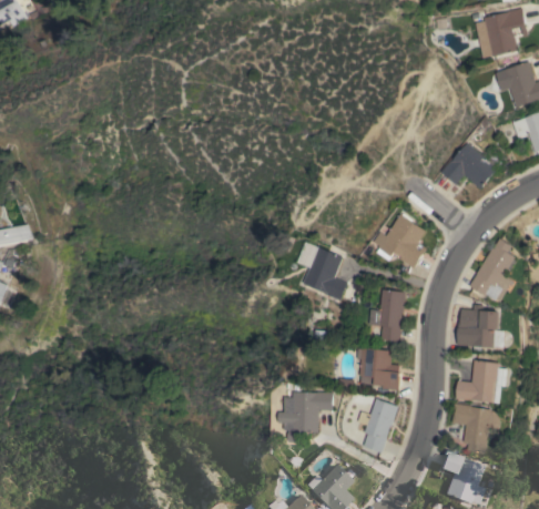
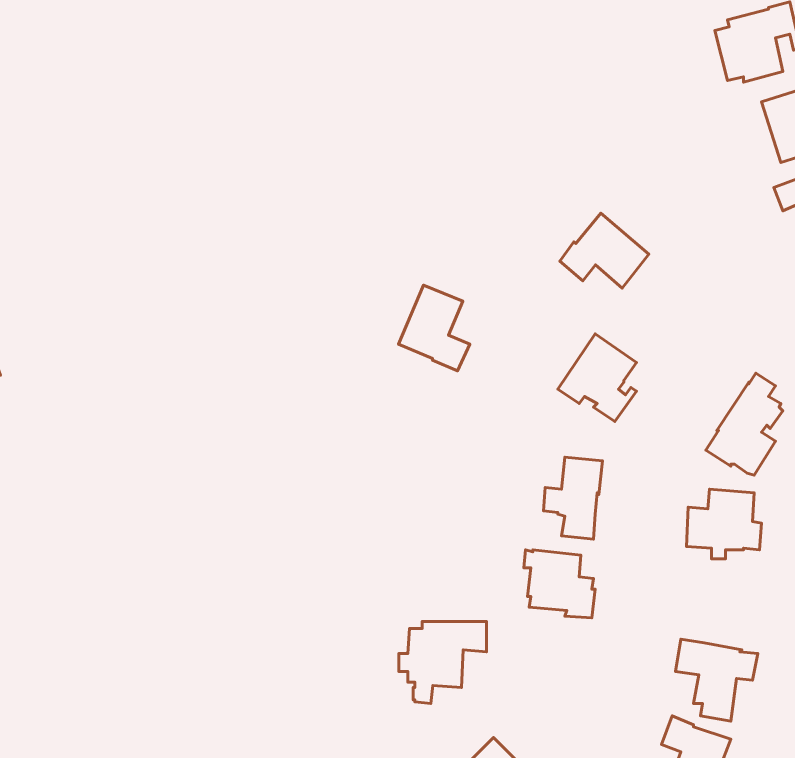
building: [441,142,497,189] -> [560,213,649,288]
building: [303,246,347,299] -> [399,285,470,371]
building: [455,359,507,403] -> none
building: [357,398,398,452] -> none

